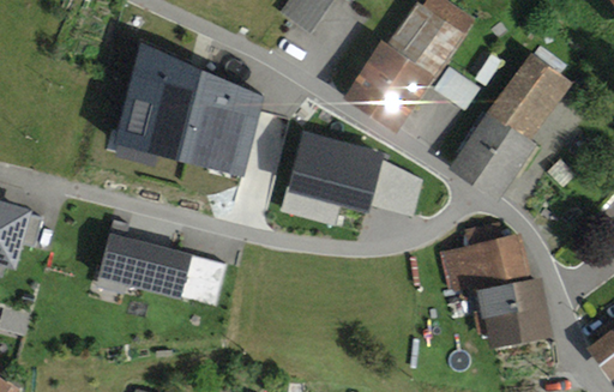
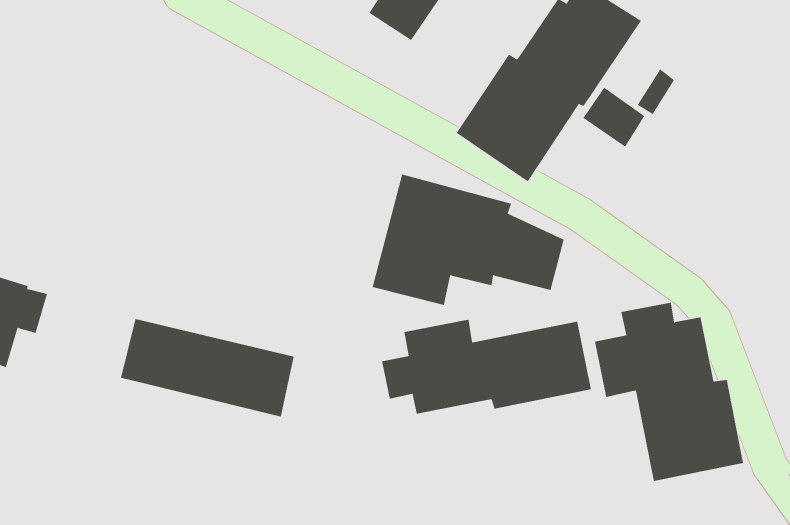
building: [112,42,263,171] -> none
building: [451,56,571,200] -> none
building: none -> [381,319,591,415]

